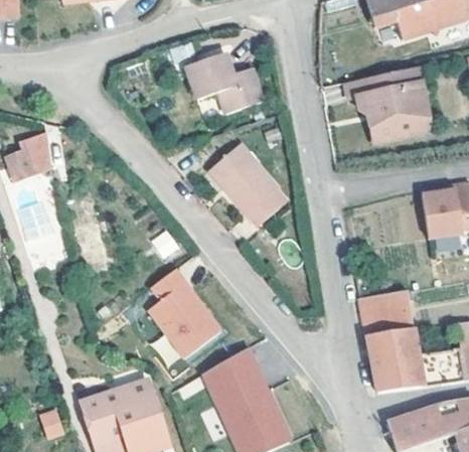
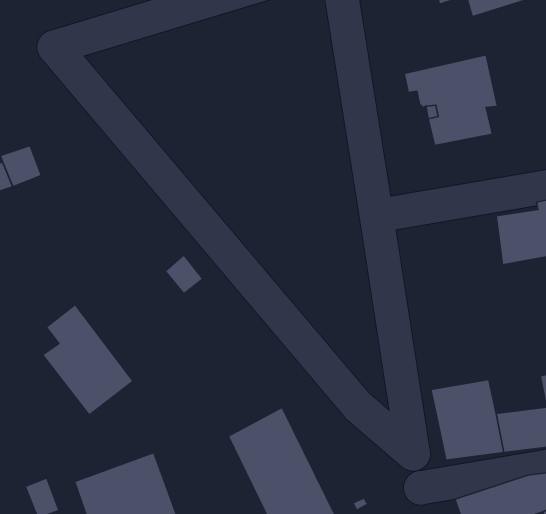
building: [187,51,263,111] -> none
building: [202,140,276,220] -> none
building: [152,272,224,360] -> [43,305,133,415]
building: [358,289,413,334] -> none

